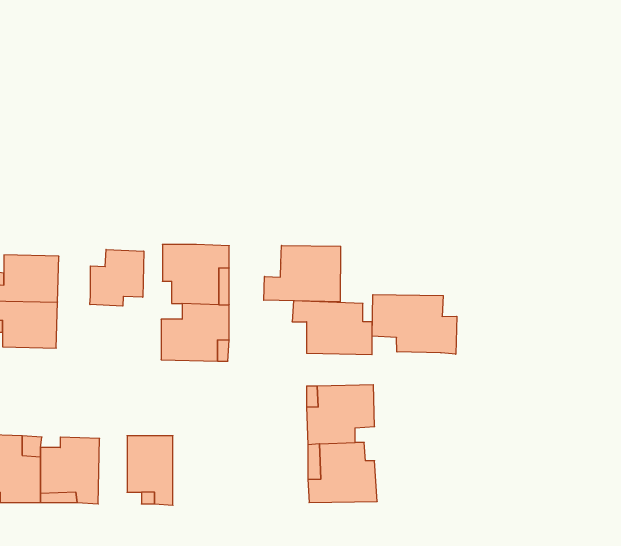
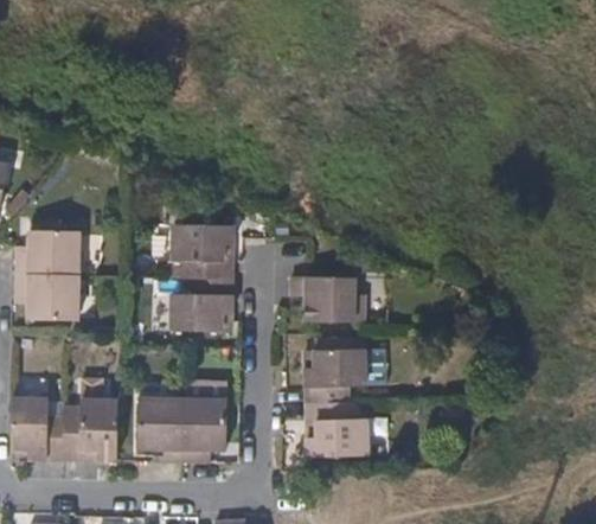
building: [264,245,341,302] -> none
building: [90,249,144,306] -> none
building: [372,295,457,354] -> none
building: none -> [184,397,225,460]

